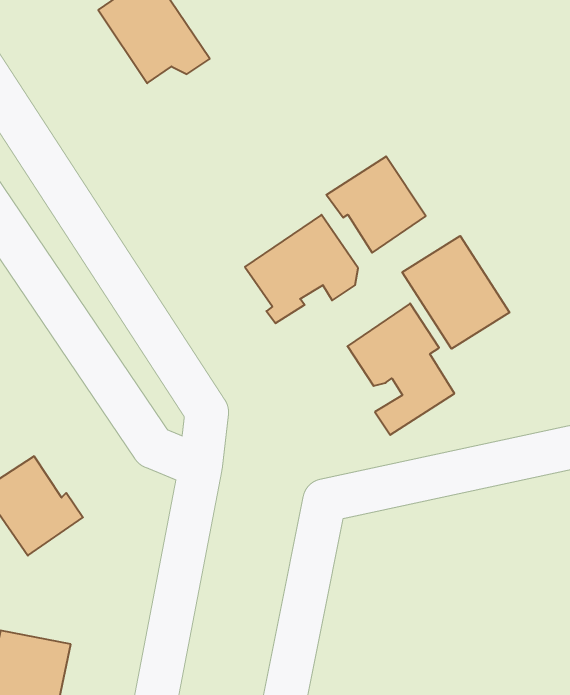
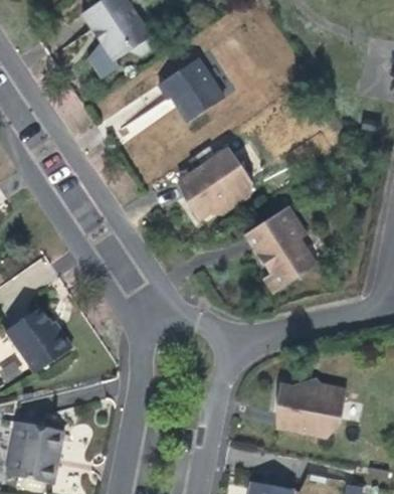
building: [326,156,426,253] -> [158,57,223,121]
building: [402,236,509,349] -> none
building: none -> [276,383,346,437]

